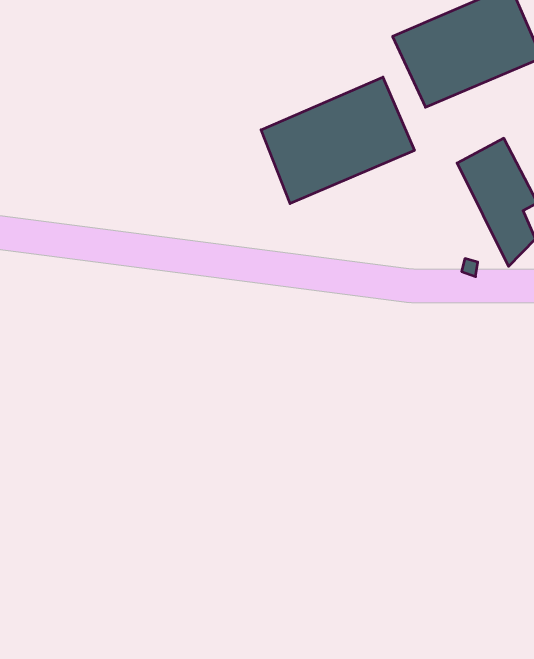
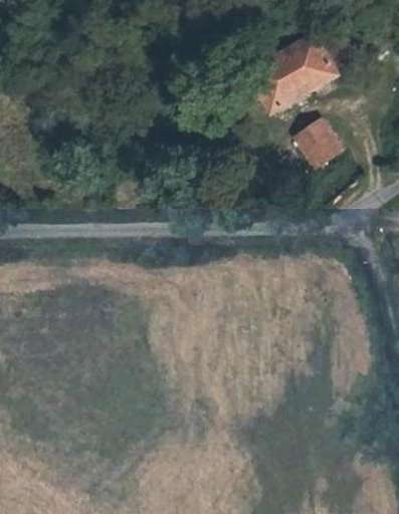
building: [261,77,414,204] -> none

